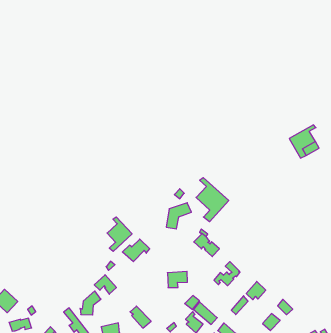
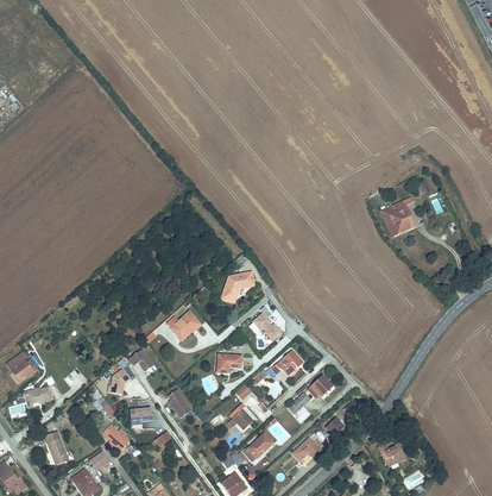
building: [196,178,229,222] -> none
building: [107,217,132,251] -> none

